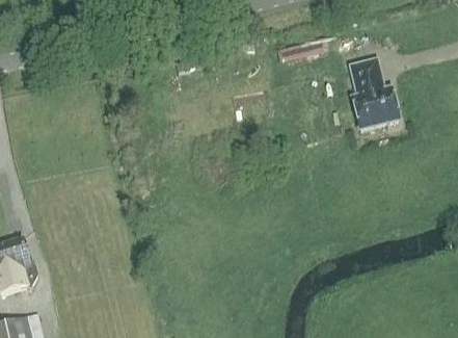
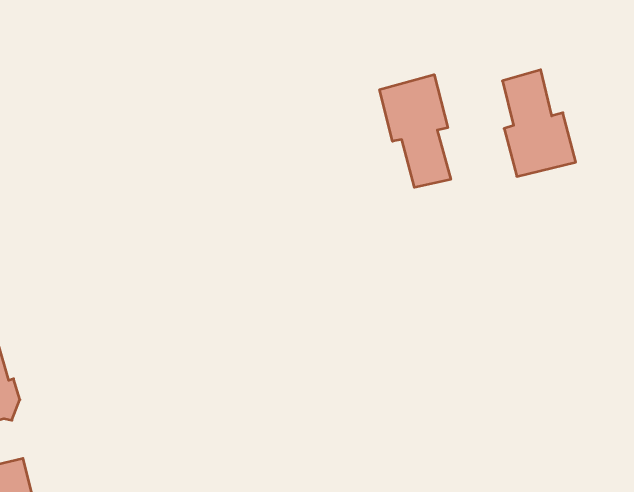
building: none -> [380,75,451,187]

